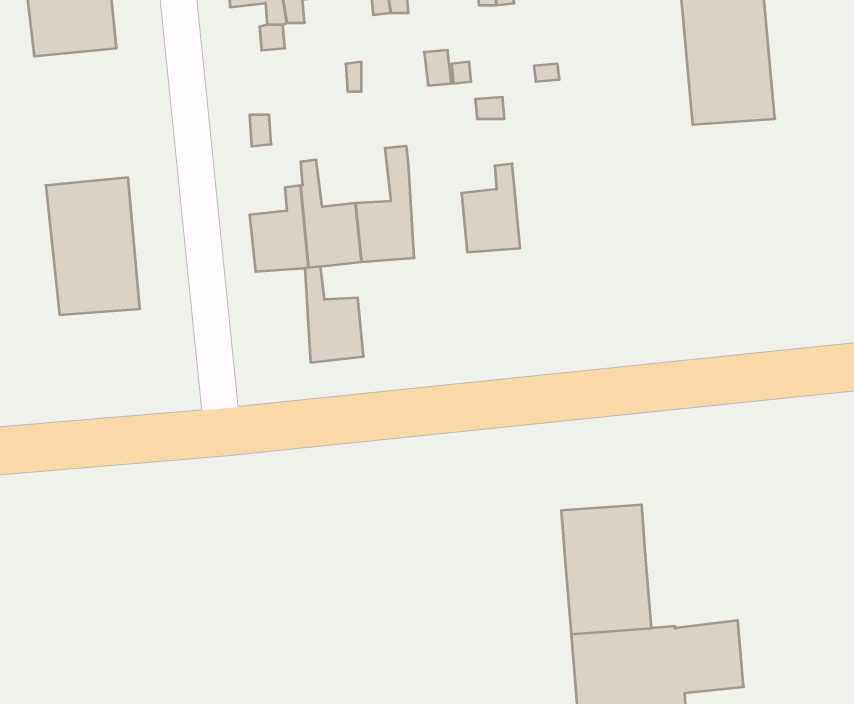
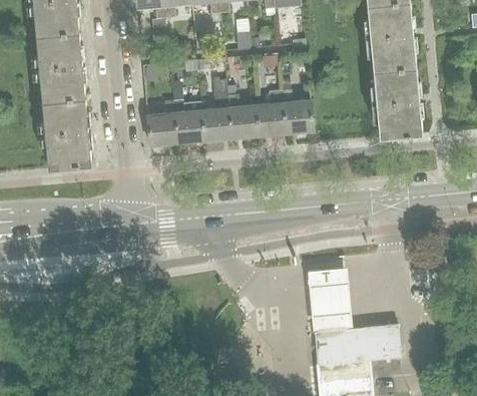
building: none -> [37,31,85,101]
building: none -> [374,67,421,136]
building: none -> [282,89,313,133]
building: [305,266,364,362] -> [228,89,259,138]

